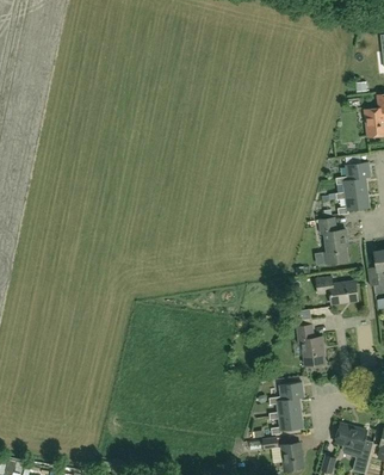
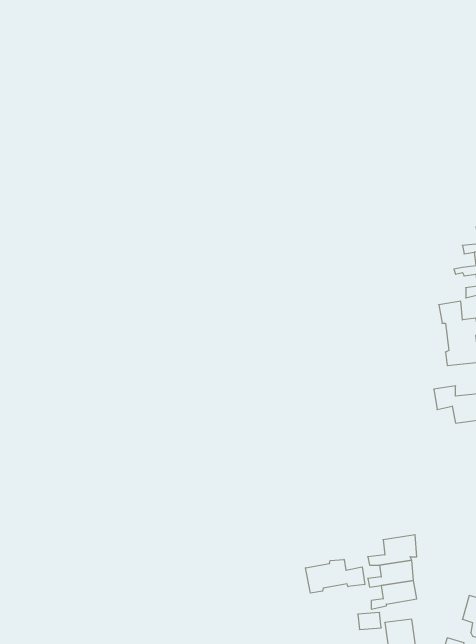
building: [296,325,324,365] -> none
building: none -> [306,559,365,593]

